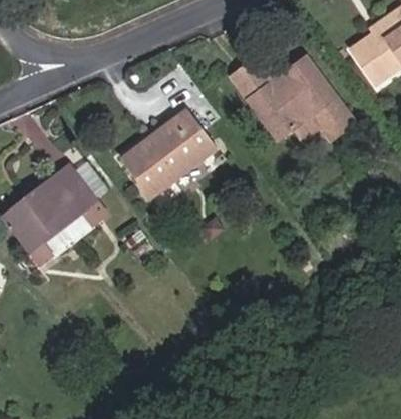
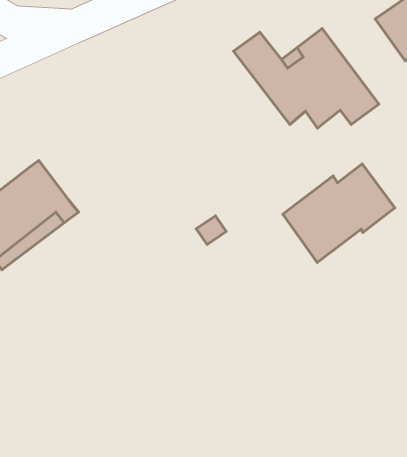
building: [121,109,217,196] -> none
building: none -> [283,164,395,262]

